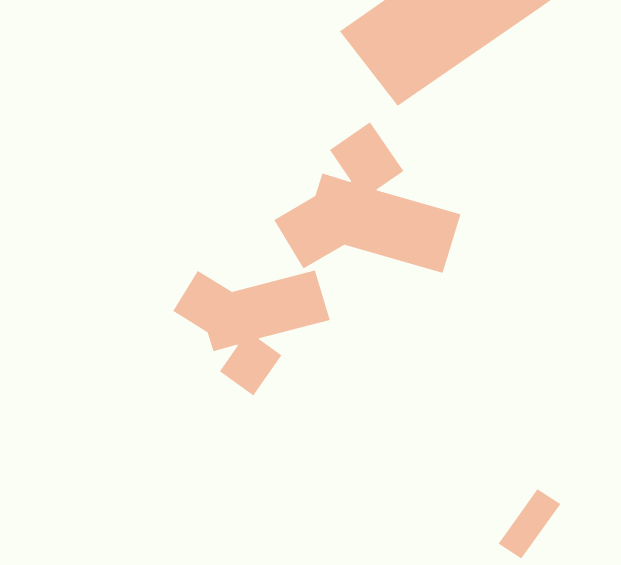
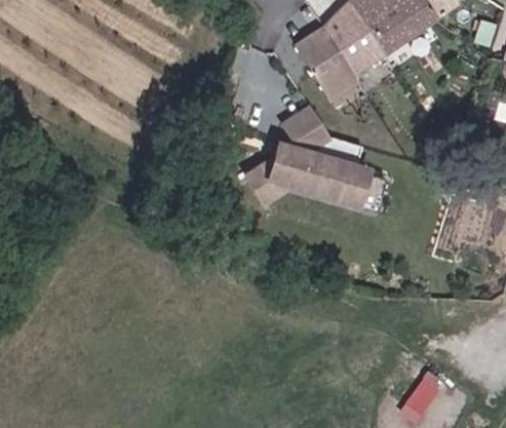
building: [172,269,331,396] -> none

